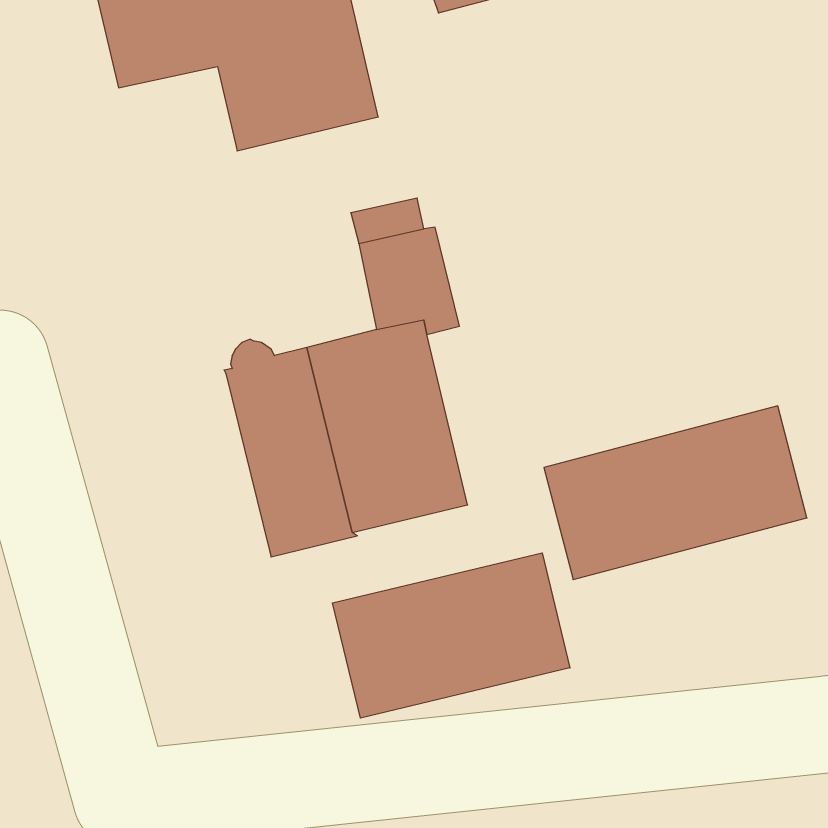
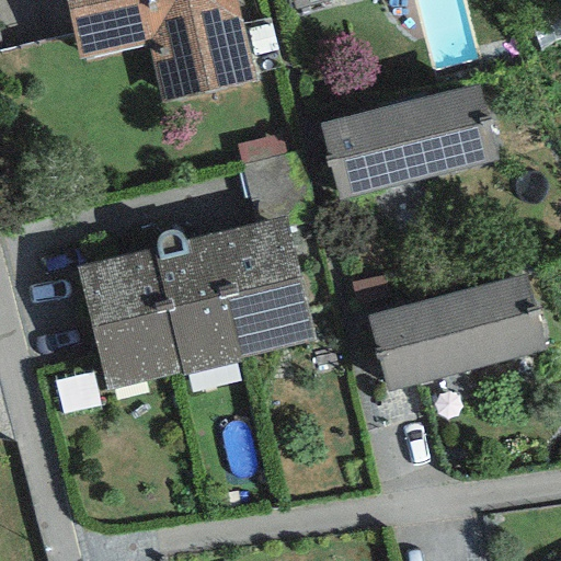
building: none -> [321,81,499,198]
building: none -> [80,252,183,389]
building: [333,553,570,718] -> none

